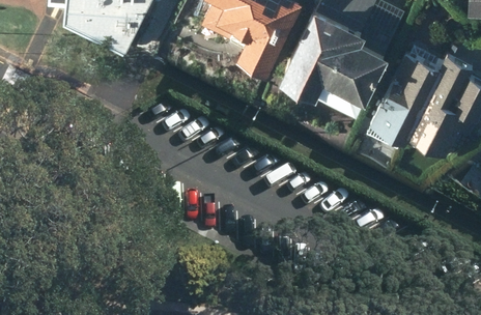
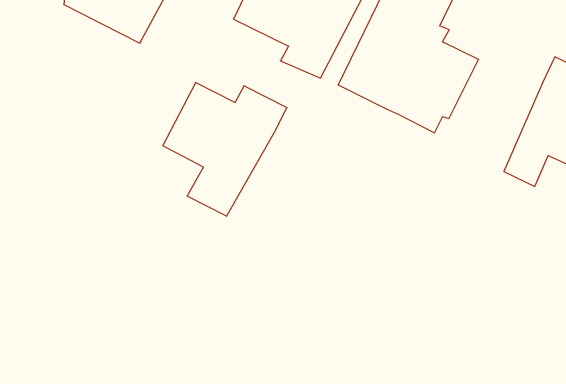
building: [378,63,437,153] -> none
building: none -> [163,82,287,216]

